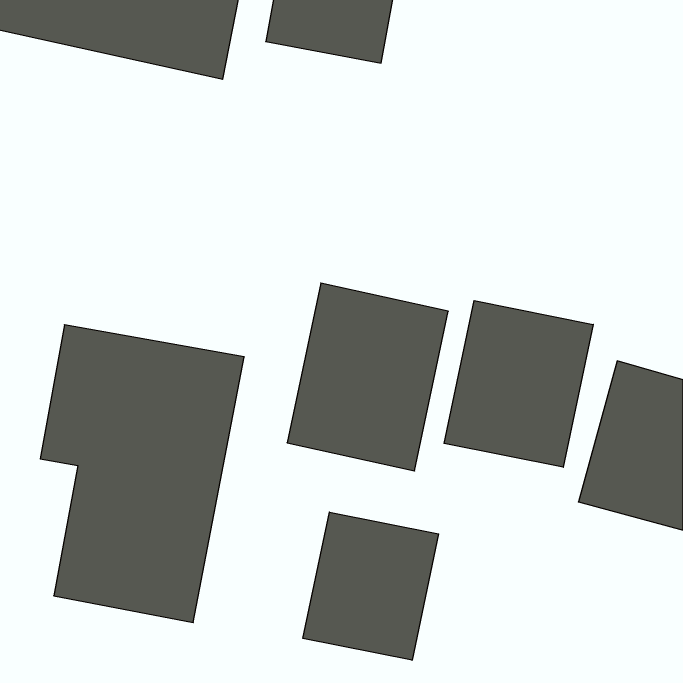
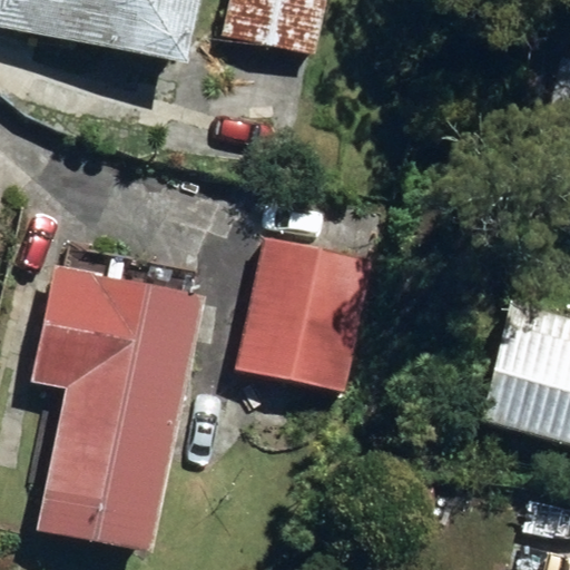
building: [444,301,593,467] -> none
building: [303,512,439,660] -> none

